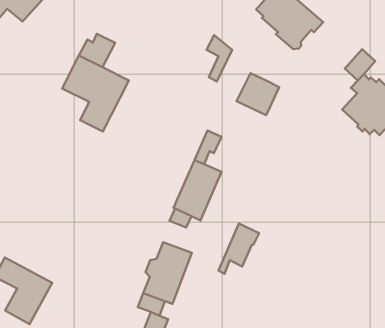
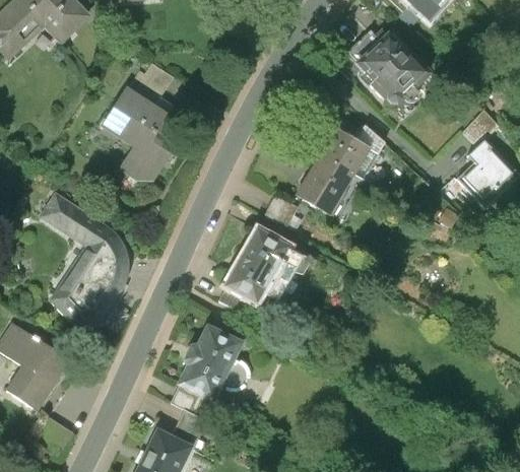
building: [206,35,232,81] -> [354,122,386,179]
building: none -> [296,160,349,214]
building: none -> [42,190,129,326]
building: [218,223,259,274] -> [258,245,312,305]

